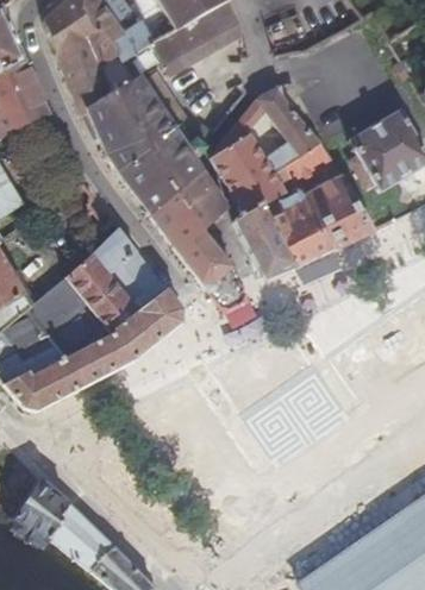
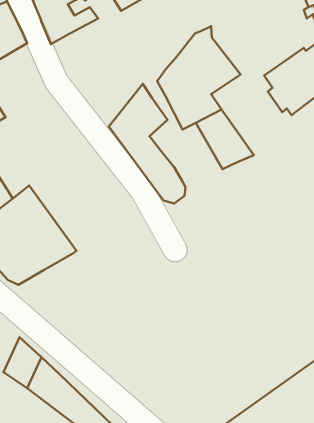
building: [80,79,214,214] -> none
building: [281,149,375,250] -> none
building: [235,209,295,282] -> none
building: [52,227,182,370] -> none

